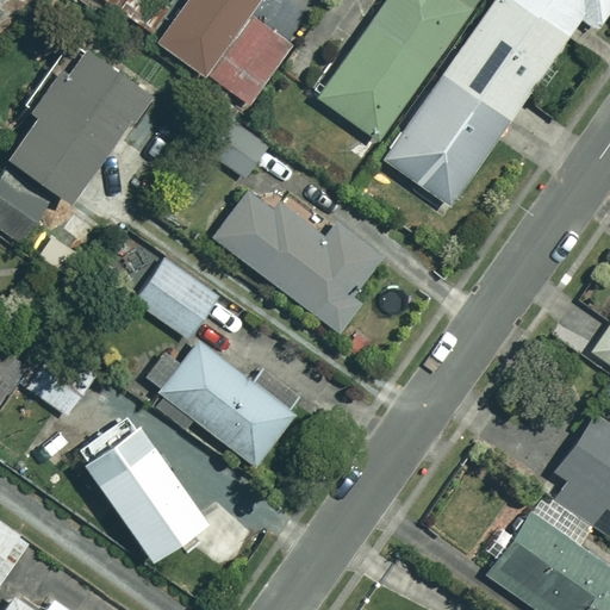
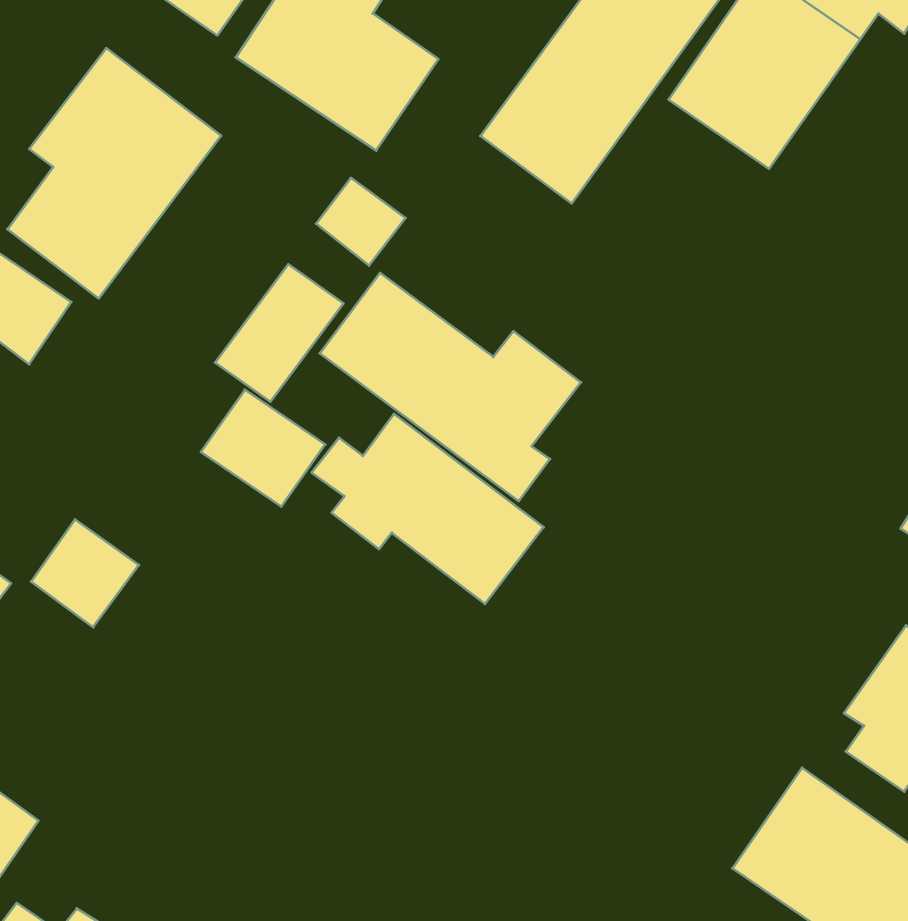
building: [380,73,506,204] -> none
building: none -> [215,264,343,402]
building: [144,343,295,467] -> [312,414,544,604]
building: [77,413,254,574] -> none

